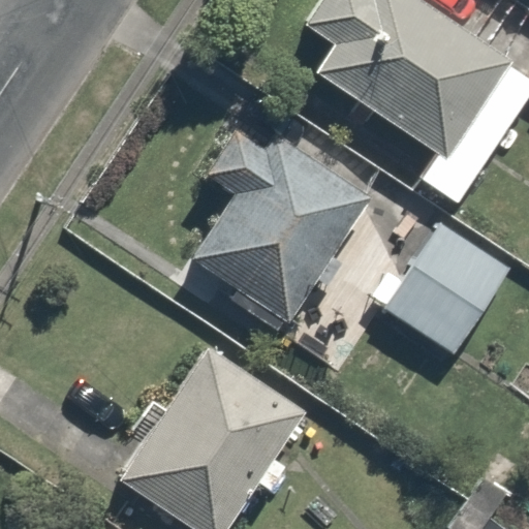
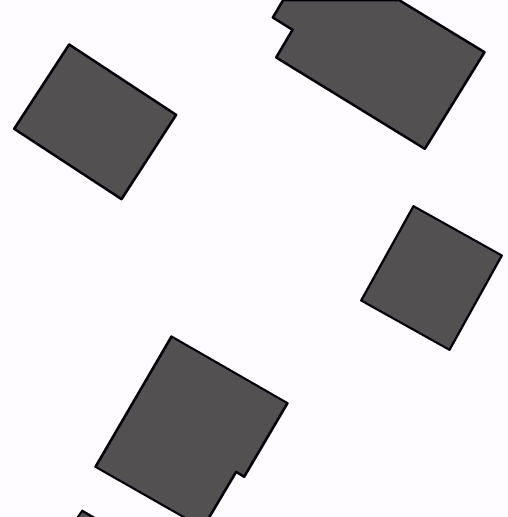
building: none -> [14,45,176,199]
building: [180,127,367,322] -> none

